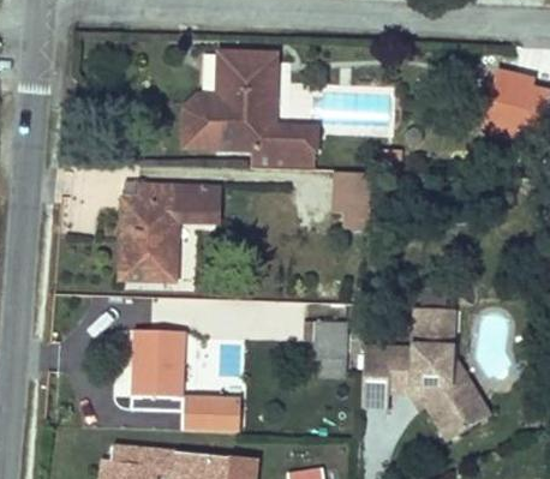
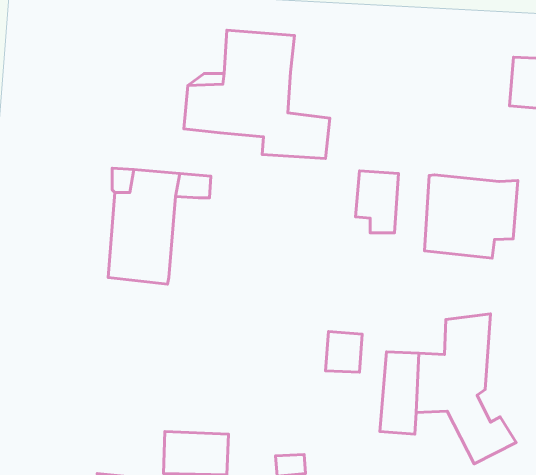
building: none -> [424,175,518,258]
building: [131,327,185,395] -> none

